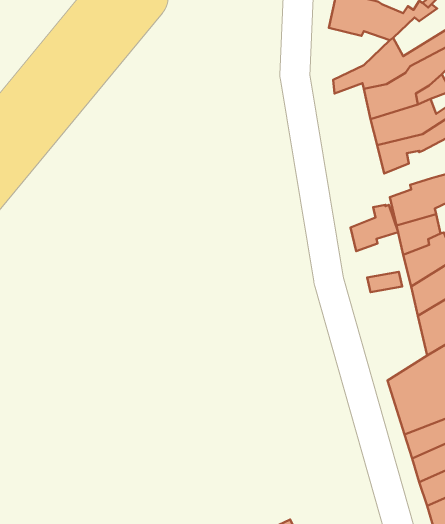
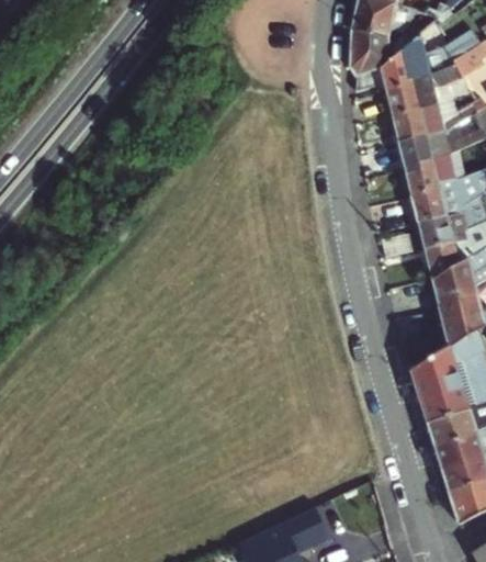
building: none -> [351,30,411,80]
building: [351,205,398,251] -> [406,149,452,194]

